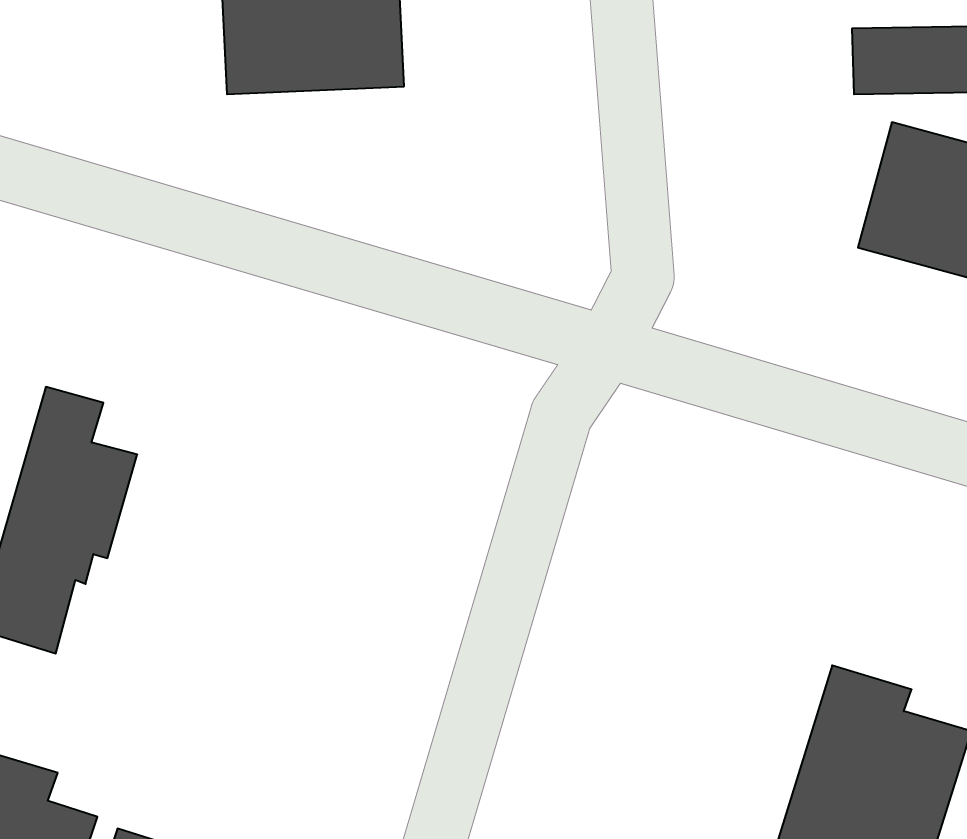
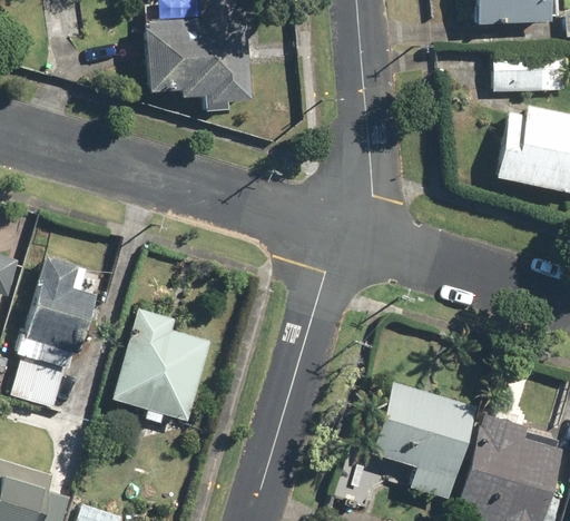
building: none -> [112,307,212,421]
building: none -> [371,381,478,498]

